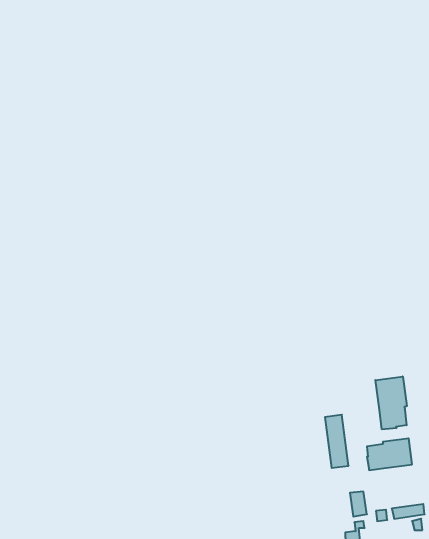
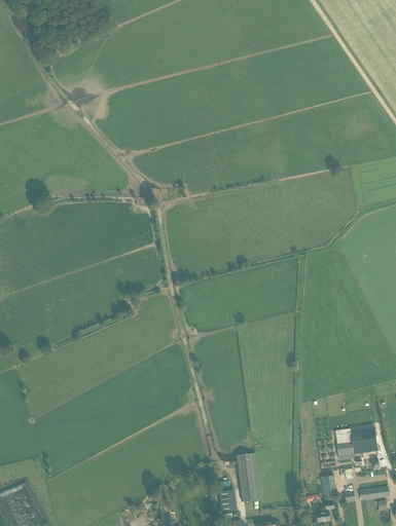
building: [375,376,407,429] -> none
building: [325,415,349,468] -> [237,453,258,501]

